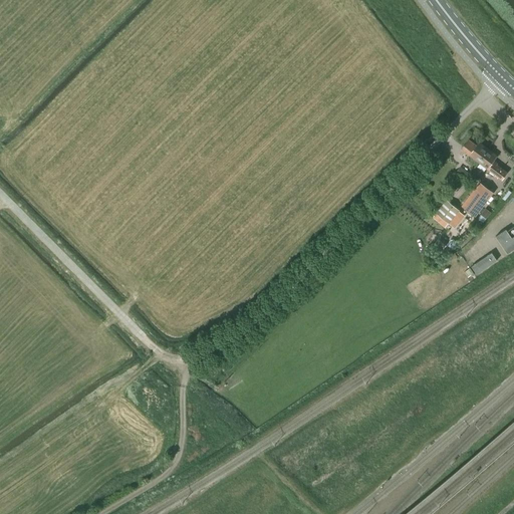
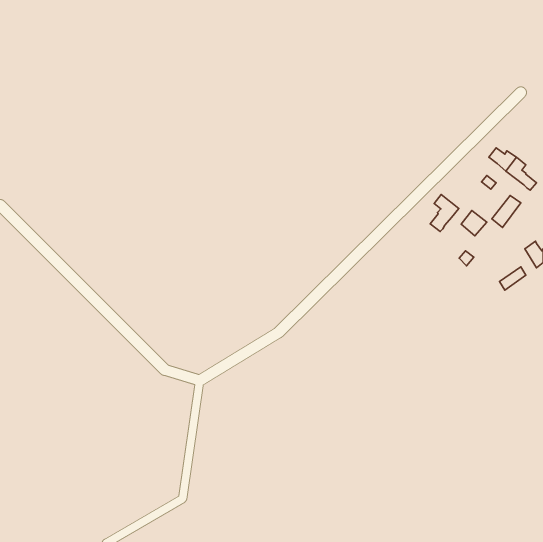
building: none -> [430,195,459,231]

